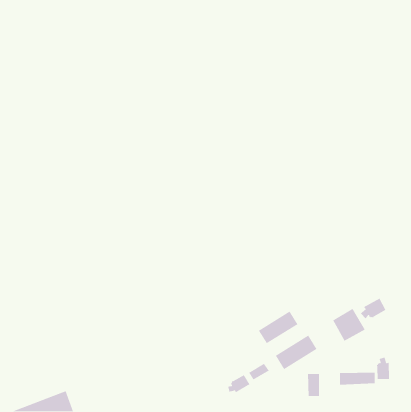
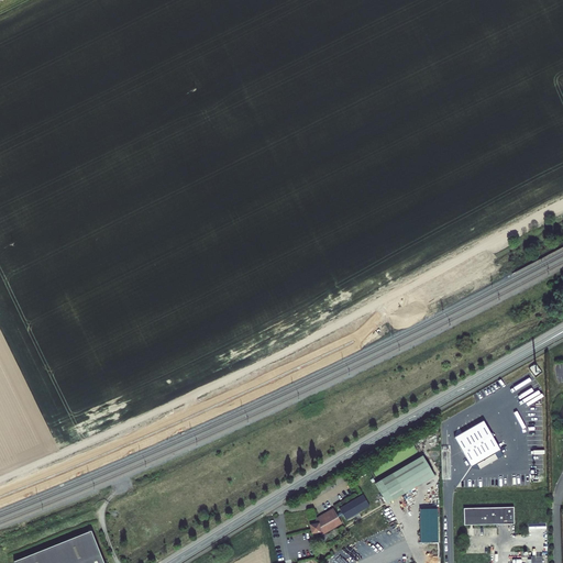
building: [360,297,387,319] -> none
building: [258,311,298,344] -> none
building: [376,357,390,380] -> none

